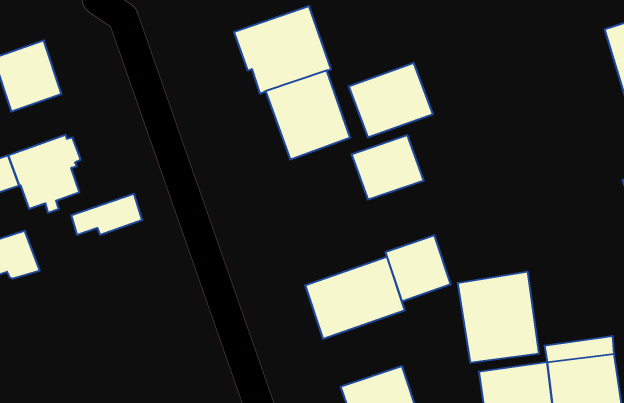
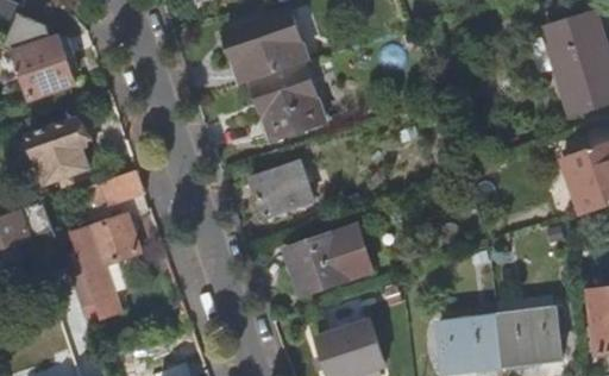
building: [349,63,433,138] -> none
building: [351,135,424,200] -> [249,162,312,218]
building: [386,235,451,302] -> none
building: none -> [68,215,138,318]
building: [458,271,539,363] -> none

